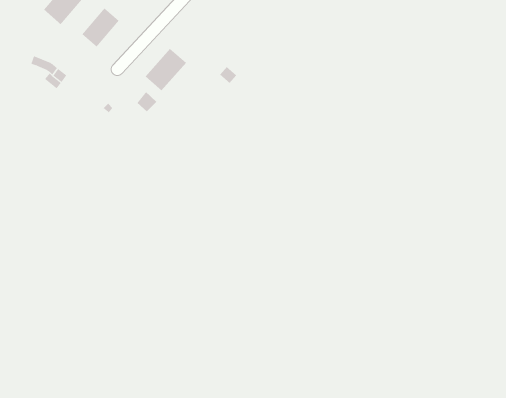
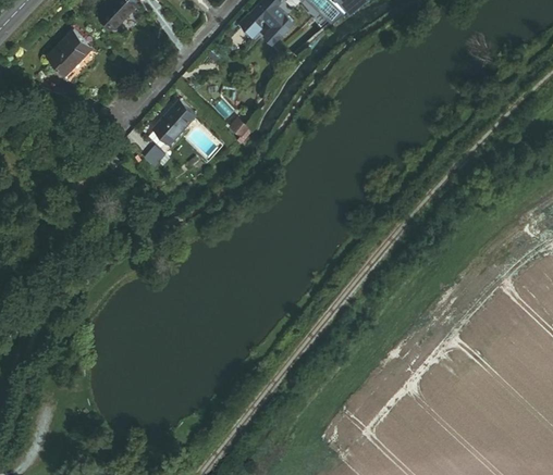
building: [81,7,119,47] -> none

